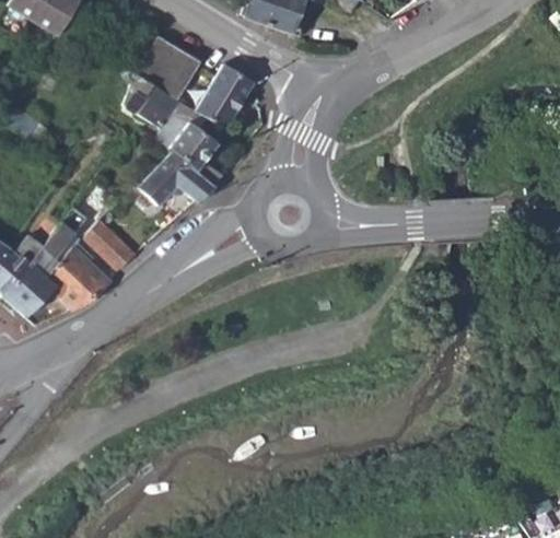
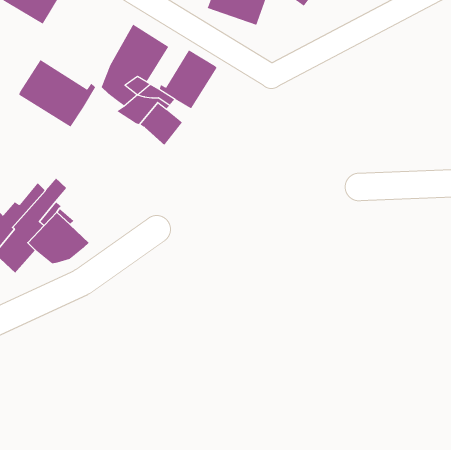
building: none -> [18,59,96,127]
building: [139,151,213,206] -> none
building: [81,220,136,272] -> none

